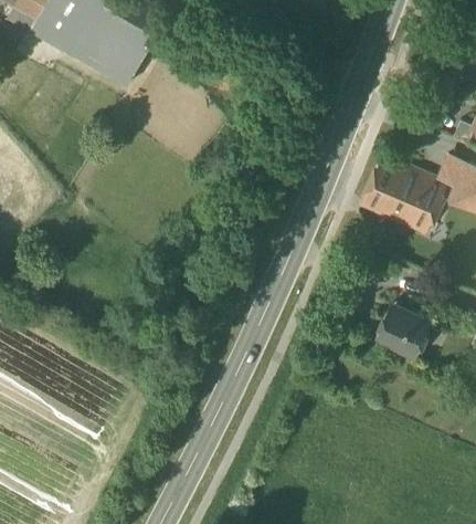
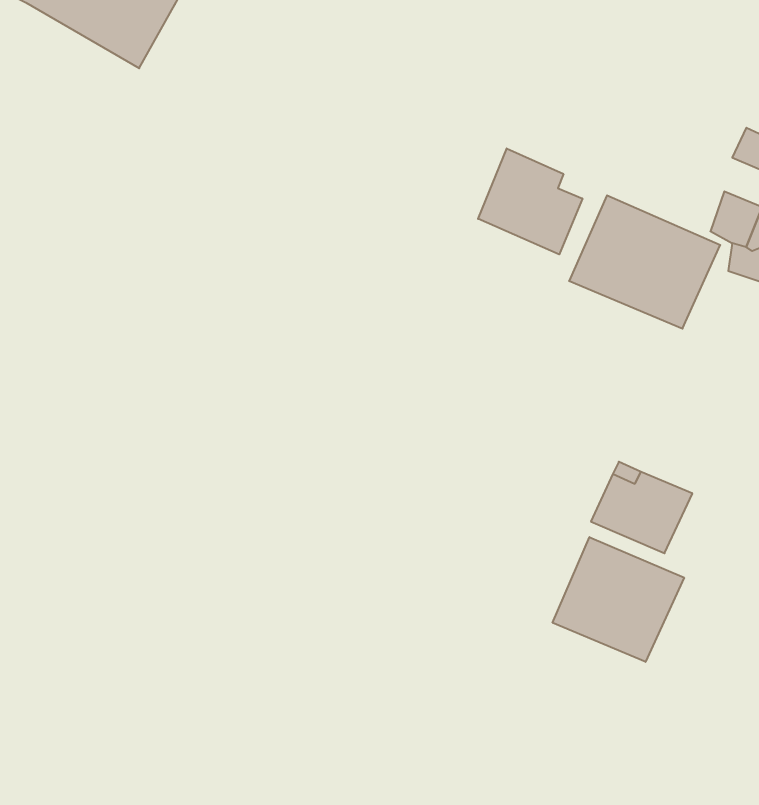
building: none -> [478,148,582,254]
building: none -> [553,537,684,662]

